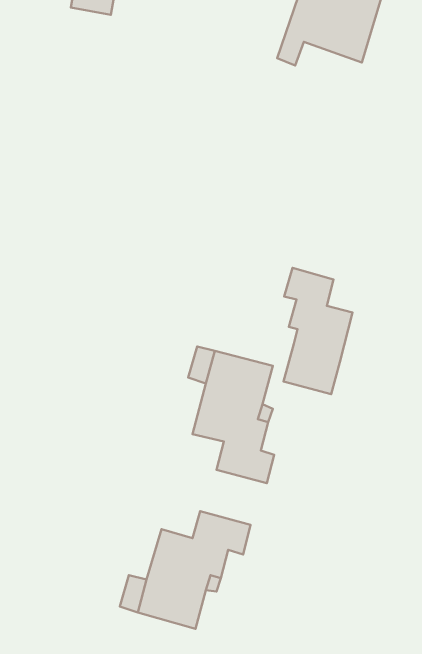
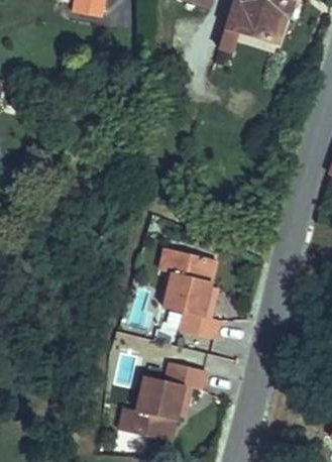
building: [284,268,352,394] -> none

